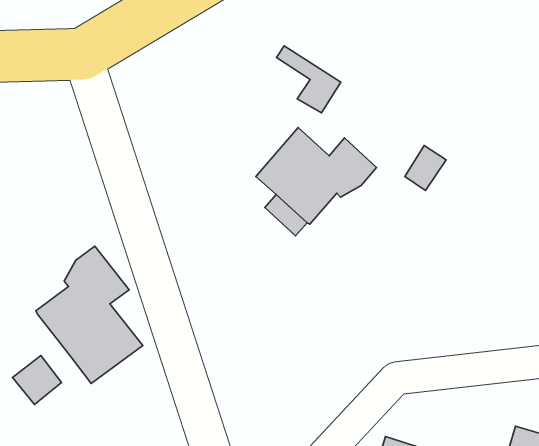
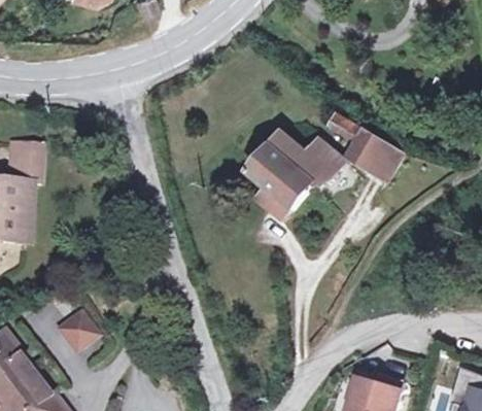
building: [277,46,341,113] -> [335,117,386,171]
building: [36,246,143,384] -> none

